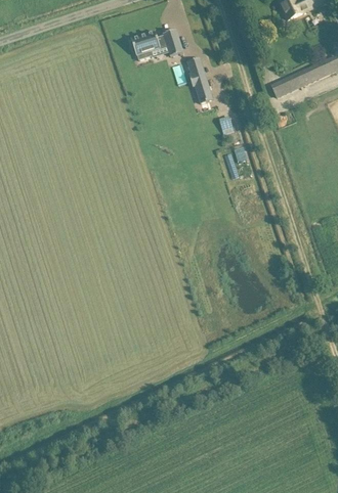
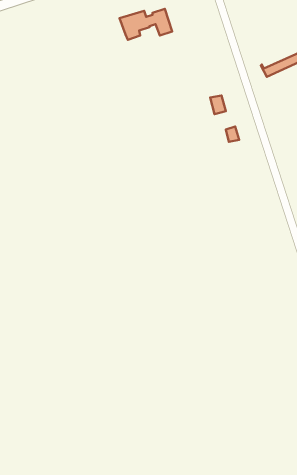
building: [185,56,211,102] -> none

